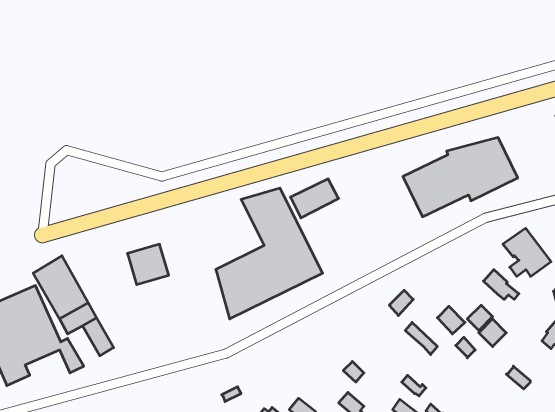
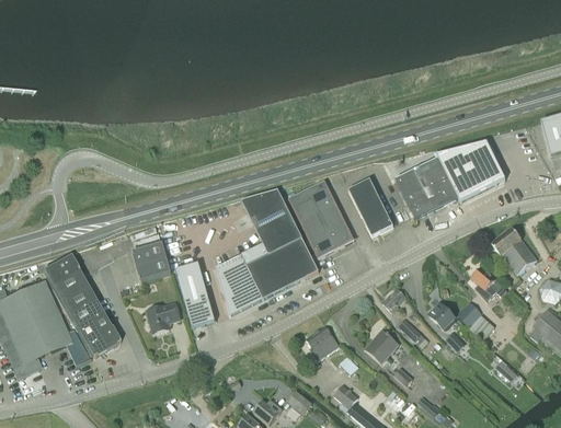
building: none -> [348,178,393,236]
building: none -> [298,199,354,257]
building: none -> [175,262,215,327]
building: none -> [147,303,180,333]
building: none -> [76,321,106,358]
building: none -> [306,325,340,360]
building: none -> [363,328,399,363]

